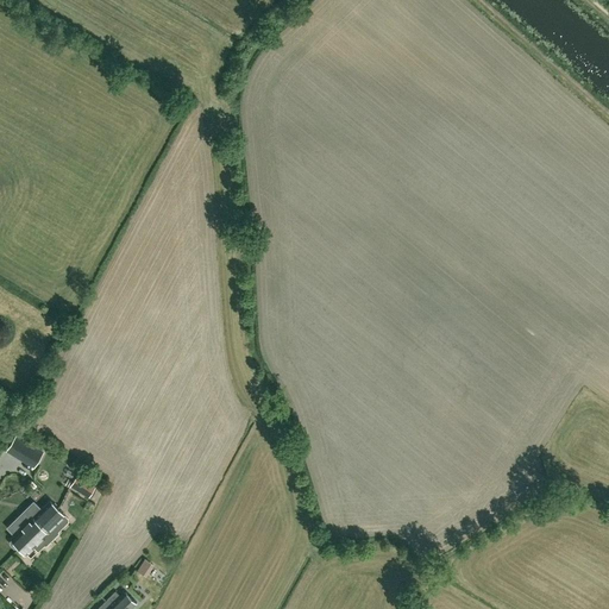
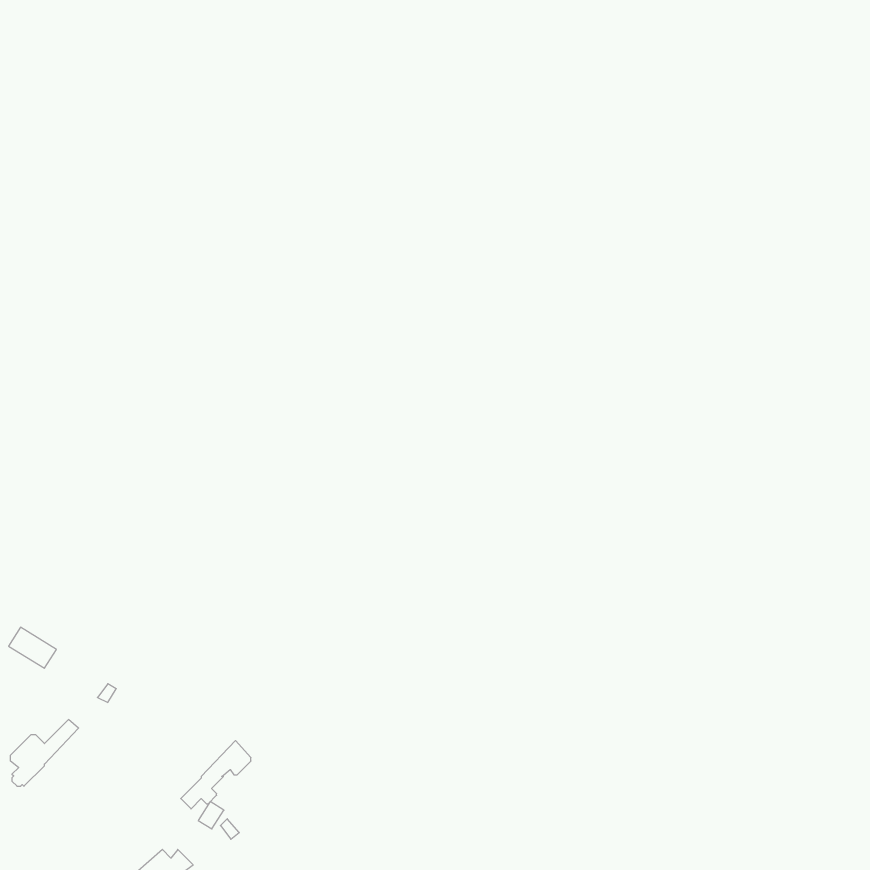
building: [17,509,65,557] -> [181,741,251,809]

